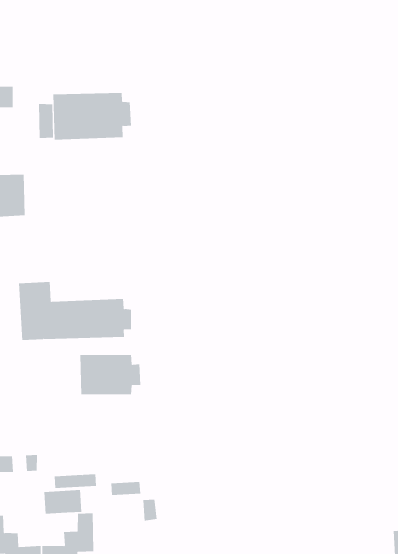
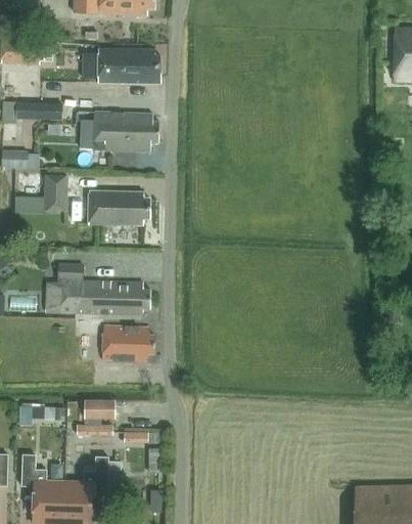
building: none -> [98,48,161,83]
building: none -> [88,191,150,225]
building: [44,490,82,514] -> [83,401,113,420]

